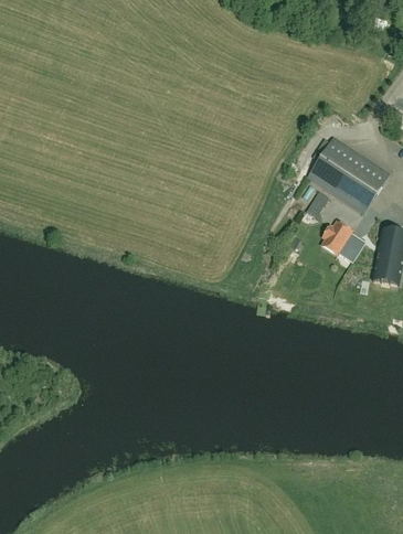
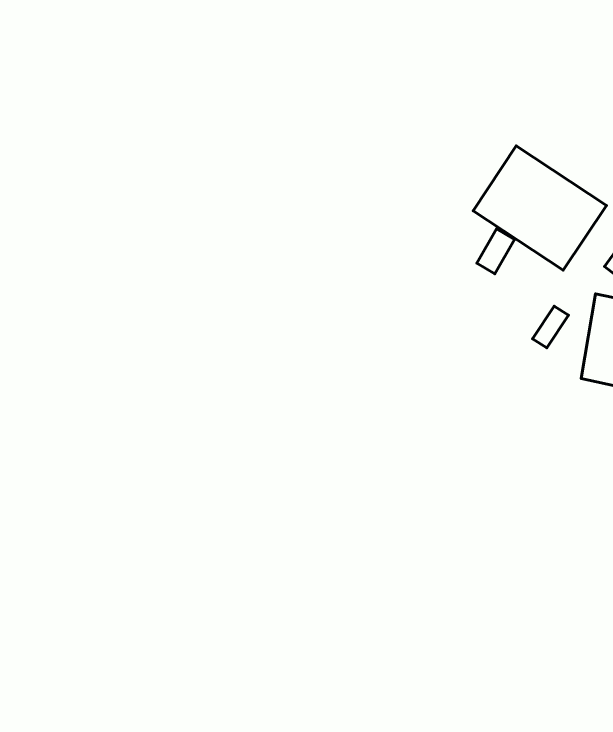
building: [320,221,351,255] -> none

